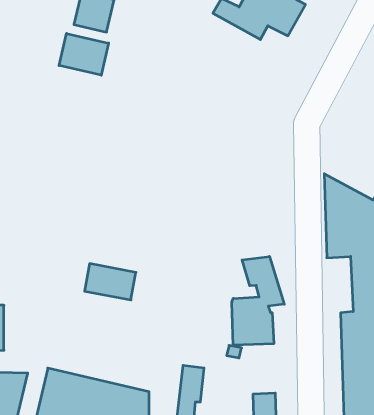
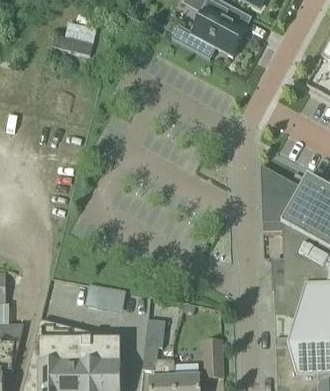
building: [59,33,109,75] -> none
building: [232,256,284,345] -> none
building: [85,264,136,300] -> [83,281,124,310]

